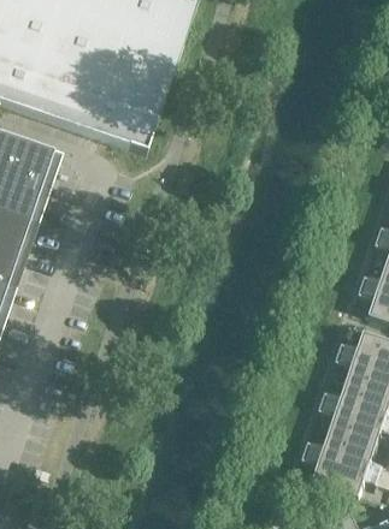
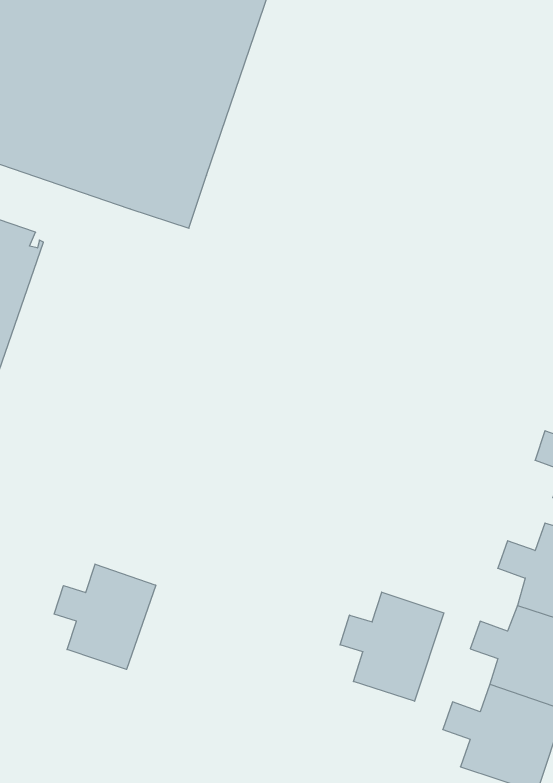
building: none -> [54,564,156,669]
building: none -> [340,592,444,701]

